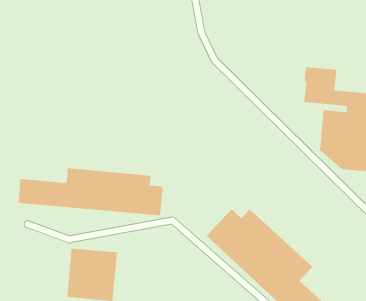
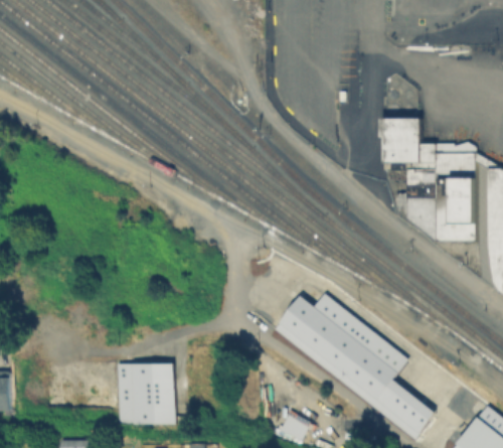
building: [18,168,163,216] -> none

